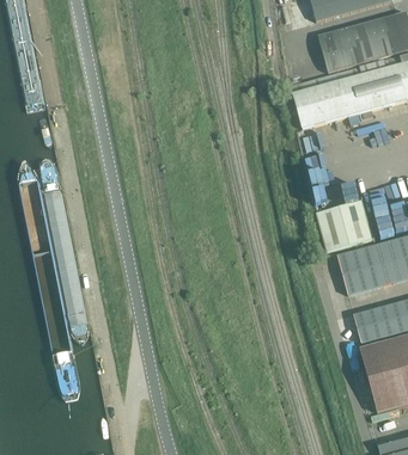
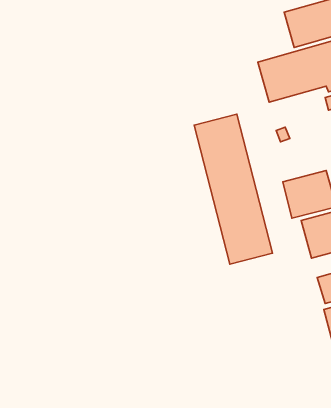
building: none -> [194,114,273,264]

